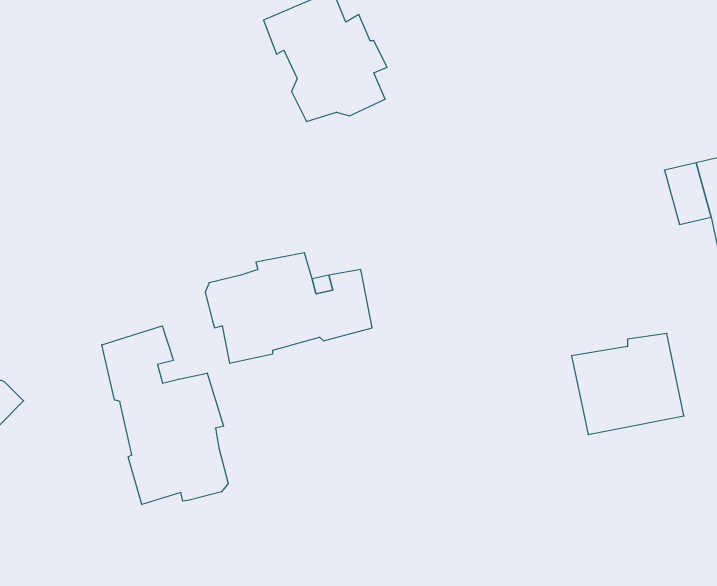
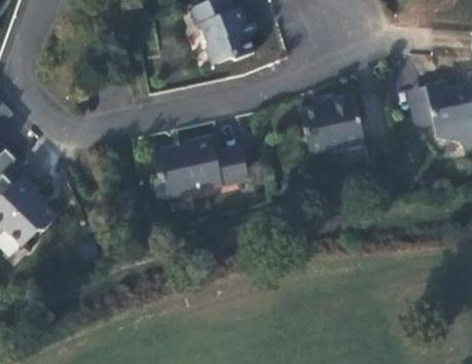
building: [102,326,228,505] -> none
building: [571,333,684,435] -> [301,103,363,158]

